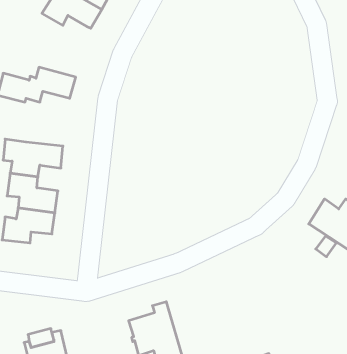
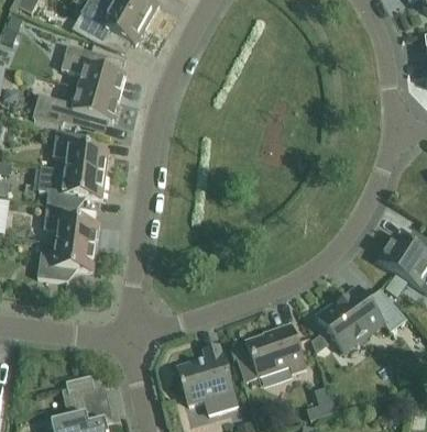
building: none -> [61,44,125,98]
building: none -> [53,130,108,174]
building: none -> [317,287,407,351]
building: none -> [236,324,306,381]

